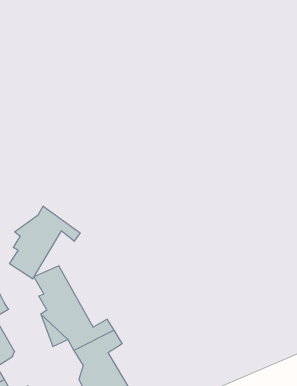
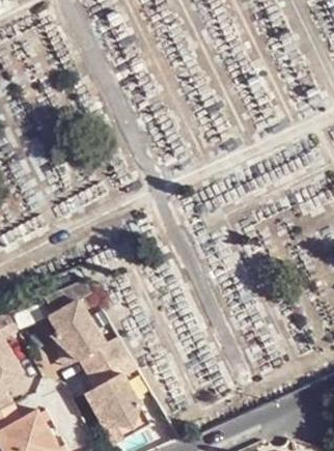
building: [10,206,80,279] -> none

